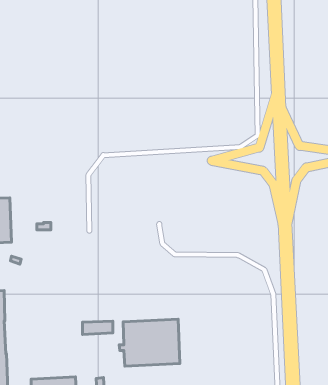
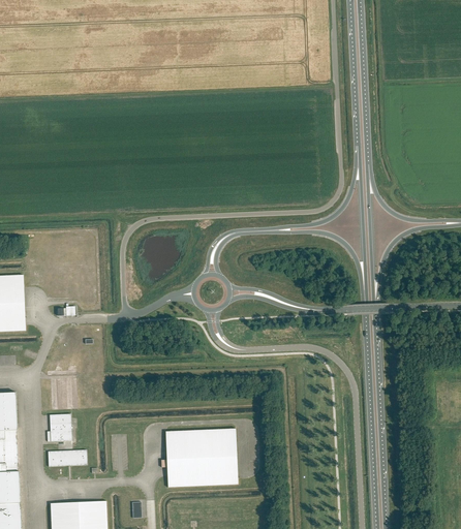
building: none -> [47,413,71,441]
building: [82,321,113,334] -> [48,449,86,466]

